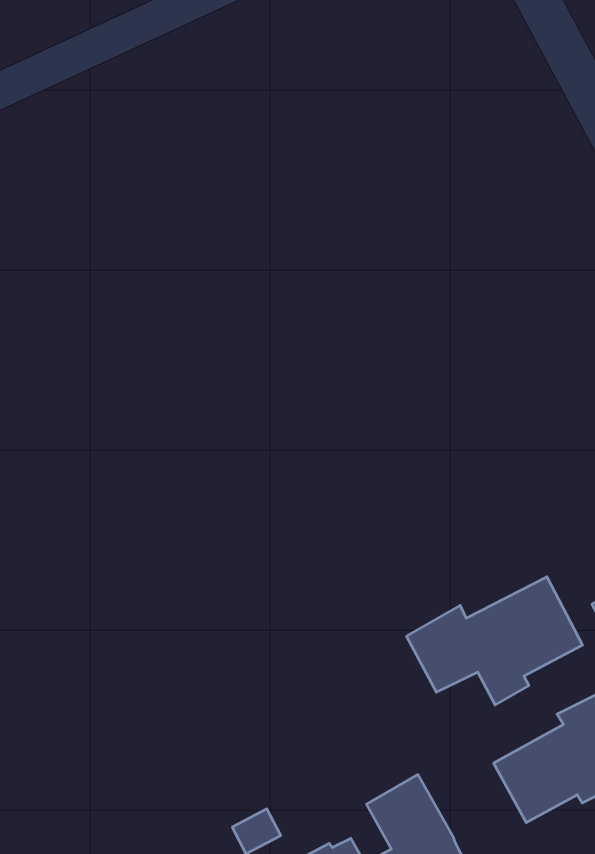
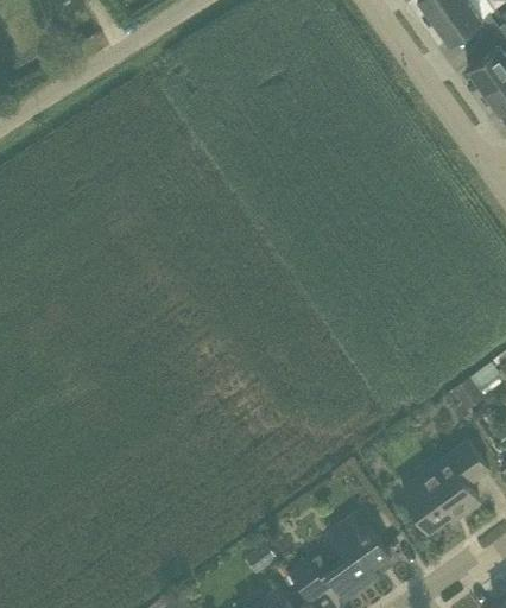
building: [407,577,582,705] -> none

